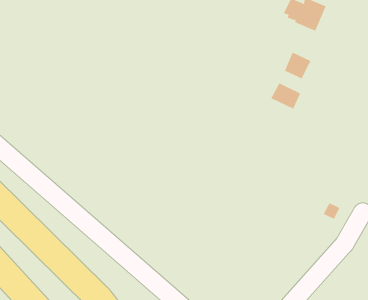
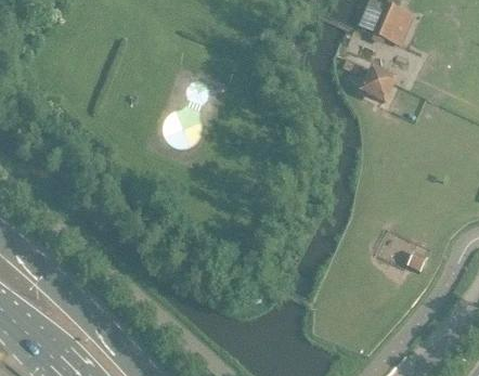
building: [270,82,301,110] -> none

